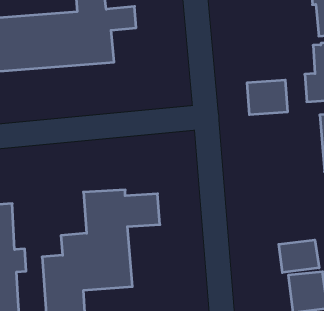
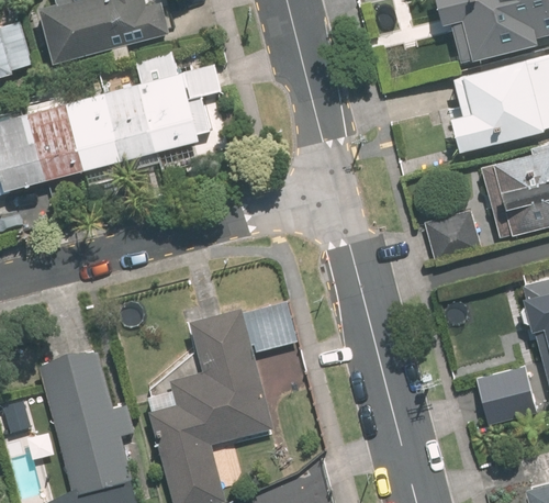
building: [247,80,288,115] -> [422,209,481,261]
building: [279,240,319,273] -> none

